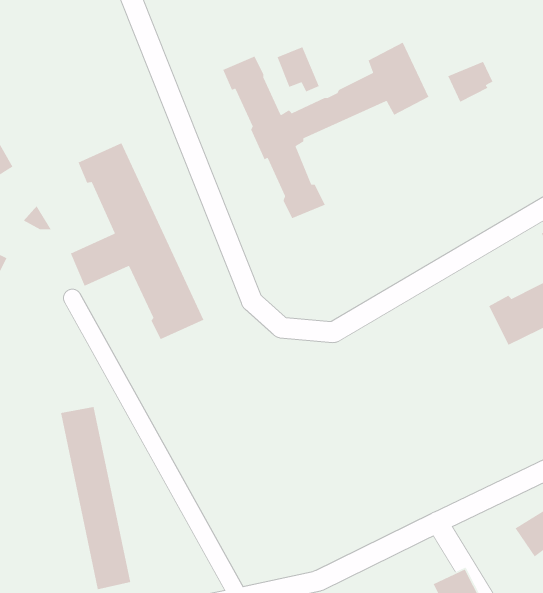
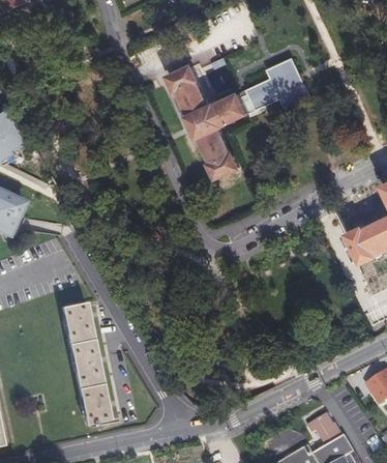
building: [447,61,494,103] -> none
building: [70,142,204,340] -> none

